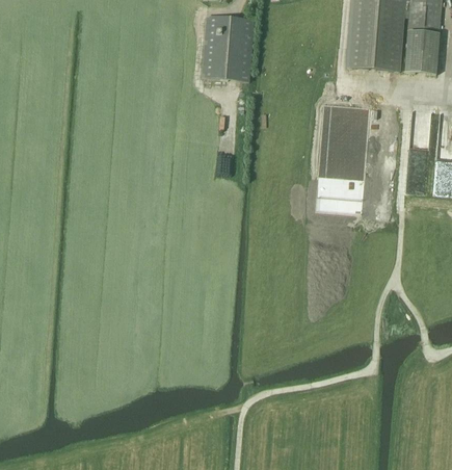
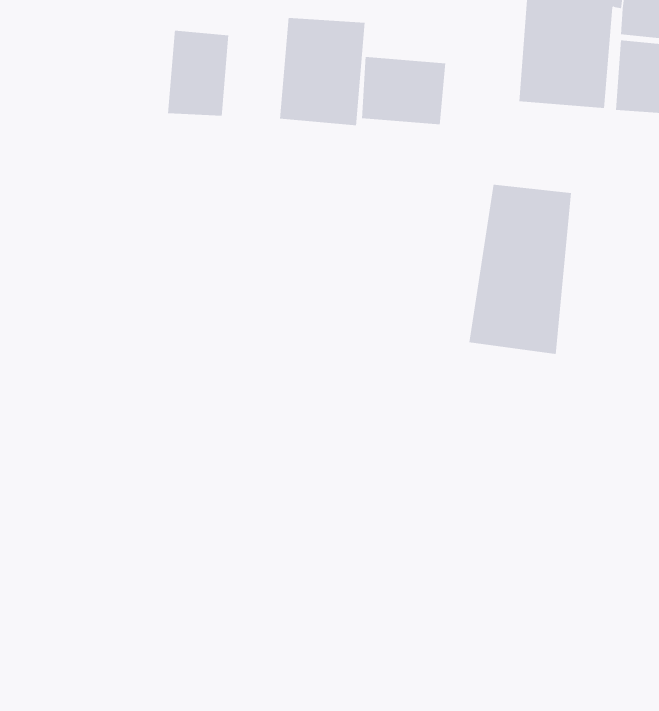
building: none -> [168,30,229,117]
building: none -> [362,56,446,125]

